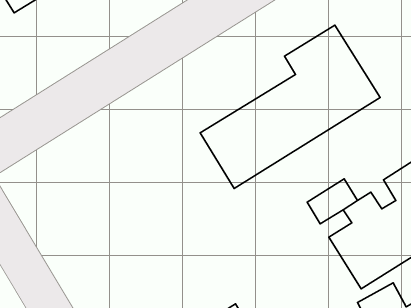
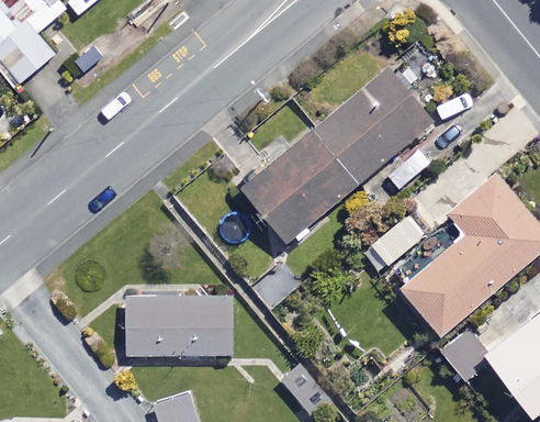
building: none -> [126,297,233,356]

